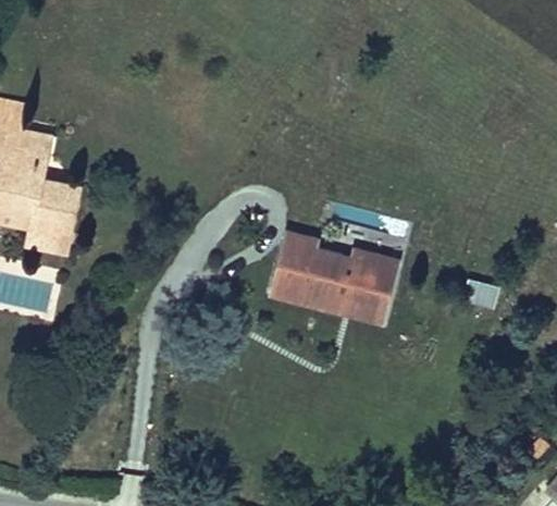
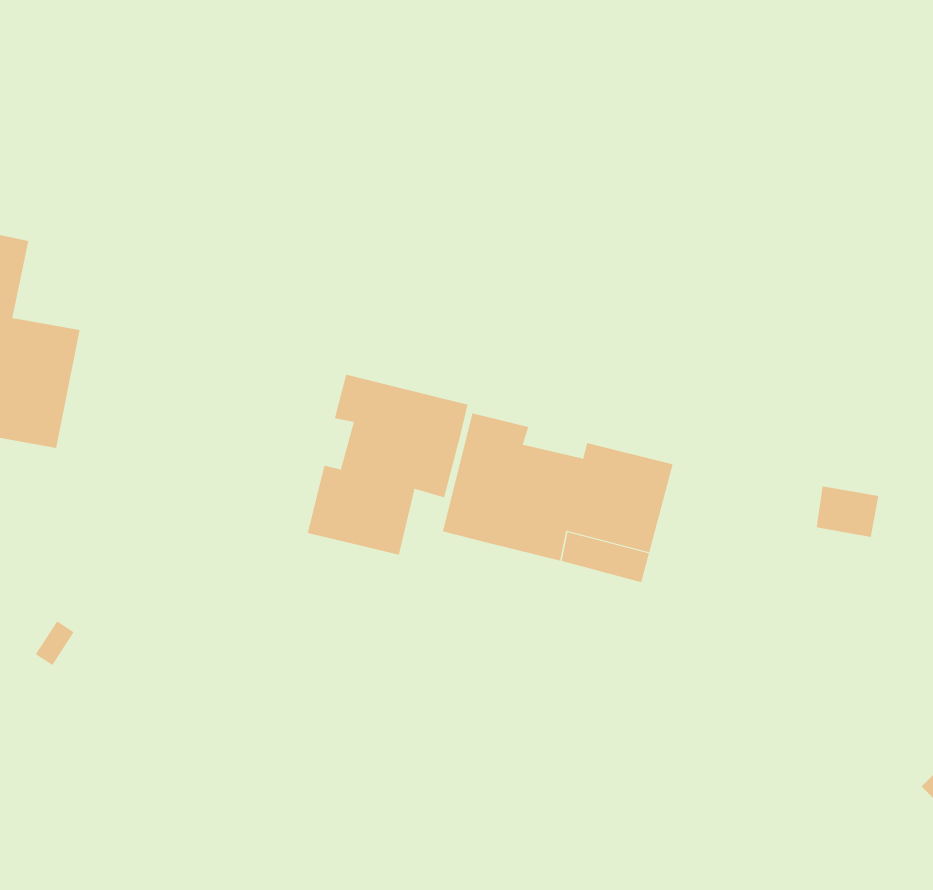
building: none -> [307,374,468,555]

